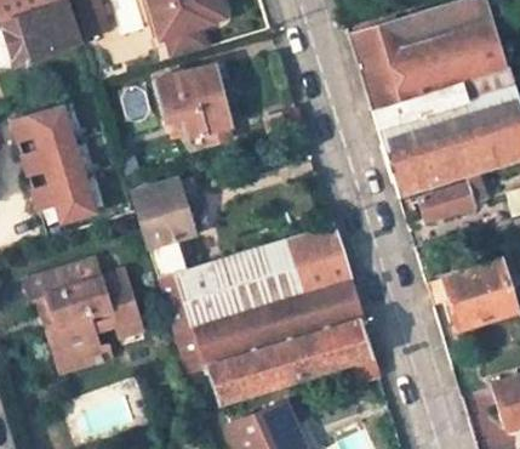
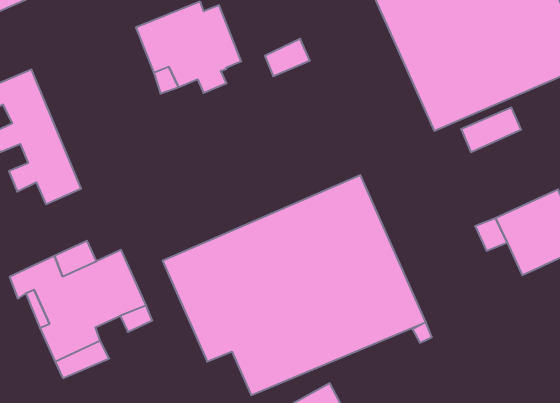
building: [133,178,192,244] -> none

